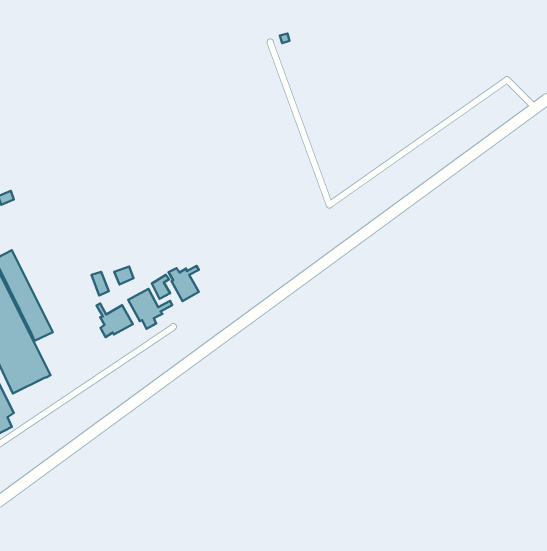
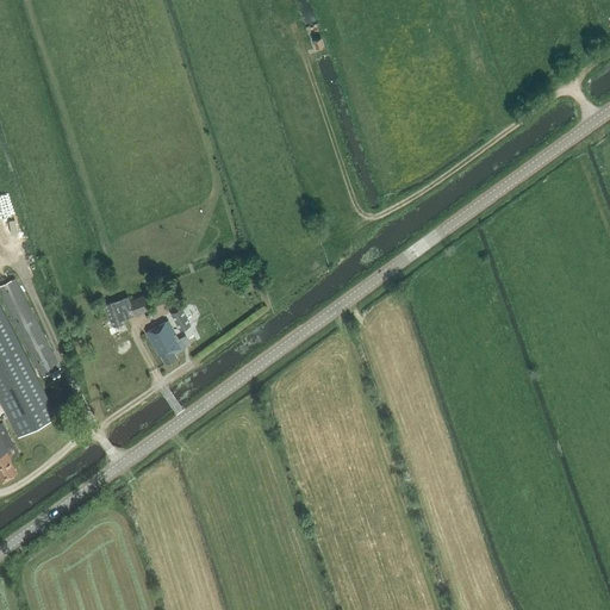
building: [169,266,199,301] -> none
building: [97,303,133,337] -> none

